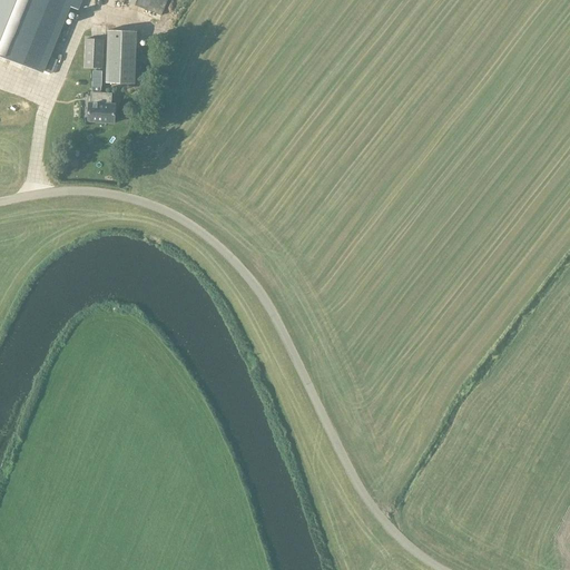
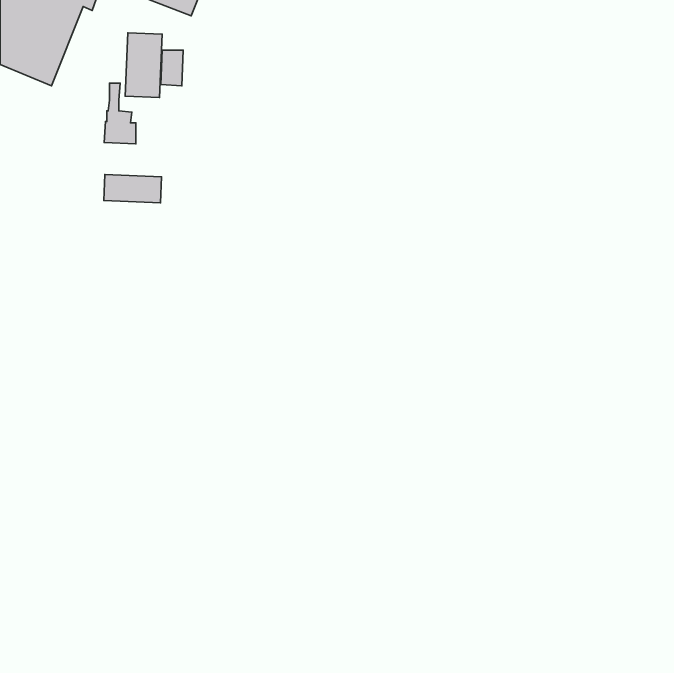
building: [85,38,104,68] -> [161,50,183,86]
building: none -> [104,175,162,203]

